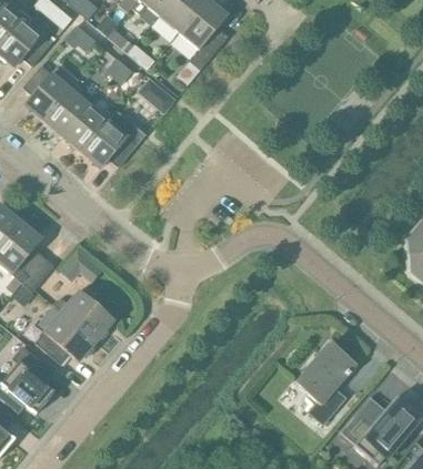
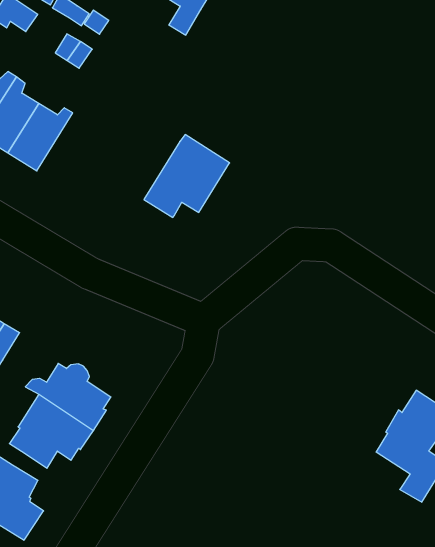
building: [138,78,175,113] -> none
building: [81,110,145,167] -> [144,135,230,217]
building: [59,248,103,283] -> none

